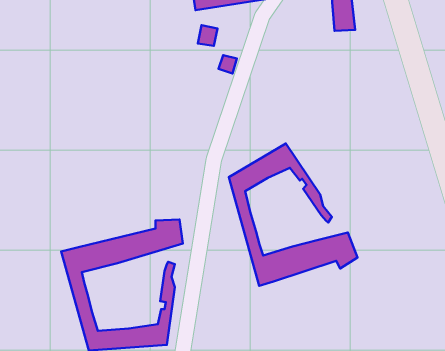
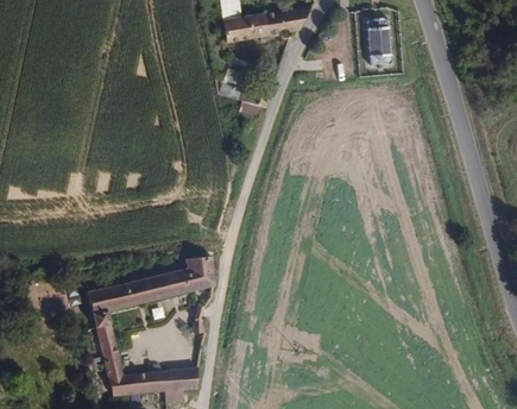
building: [229,143,357,286] -> none

